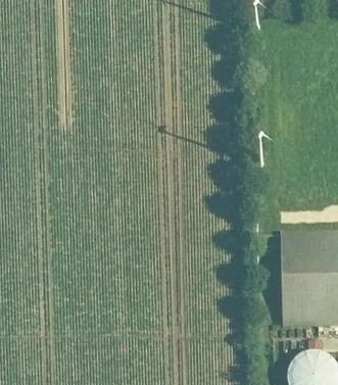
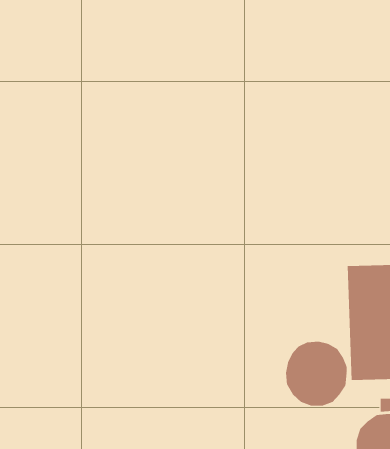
building: none -> [285,341,347,406]

